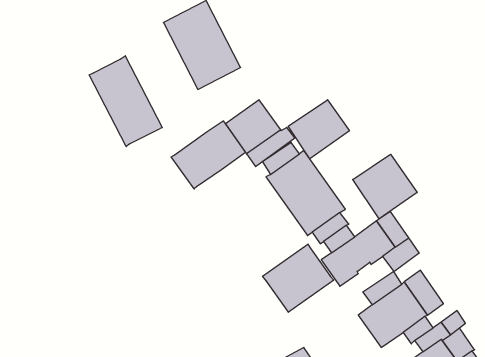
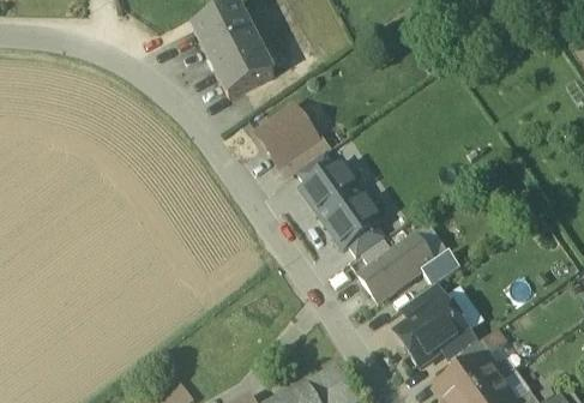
building: [89,56,162,147] -> none
building: [288,100,349,159] -> none
building: [171,121,245,189] -> none
building: [353,154,417,219] -> none
building: [263,244,334,312] -> none

